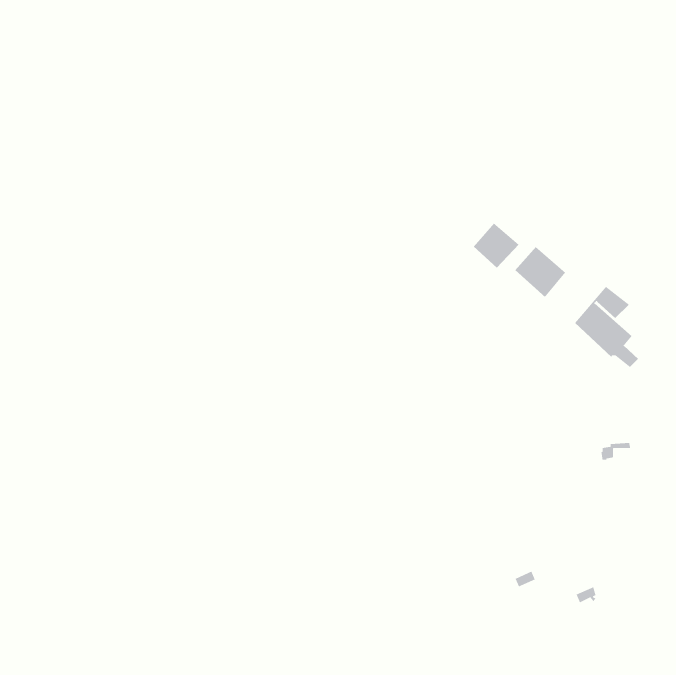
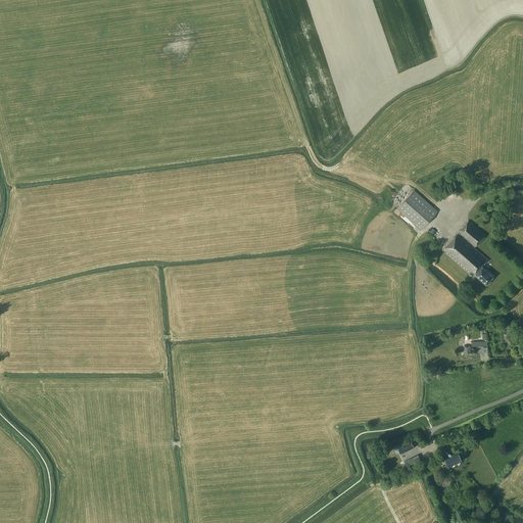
building: [473,222,519,269] -> none

